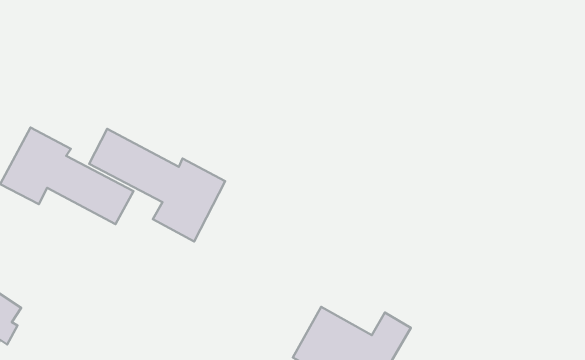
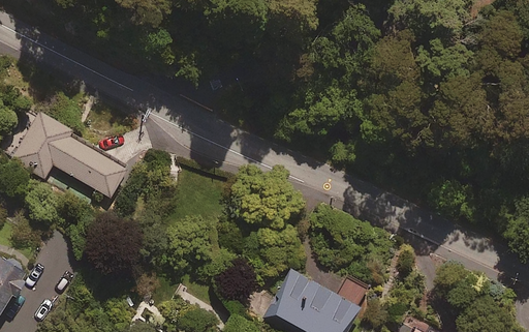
building: [89,129,225,241] -> none

